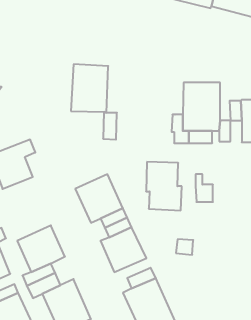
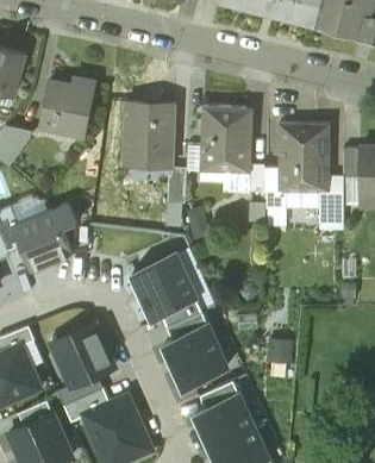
building: none -> [39,81,92,132]
building: [146,162,182,210] -> [201,108,250,175]
building: [196,174,213,202] -> [318,193,342,231]

